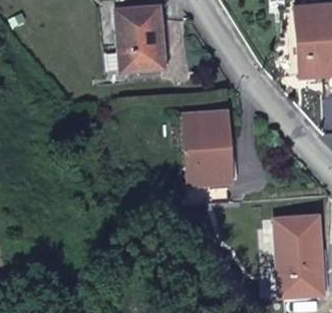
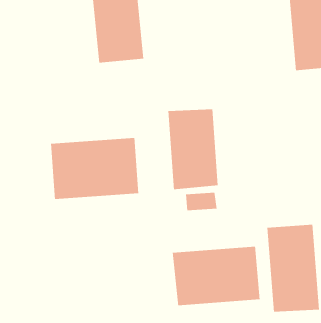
building: none -> [51,137,139,200]
building: none -> [172,246,260,306]

